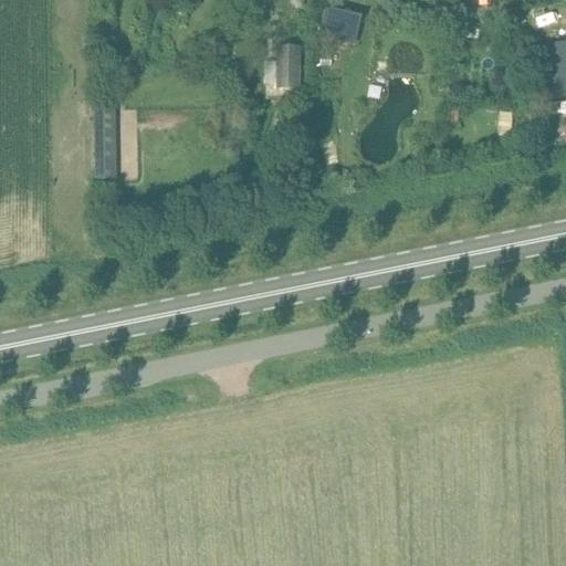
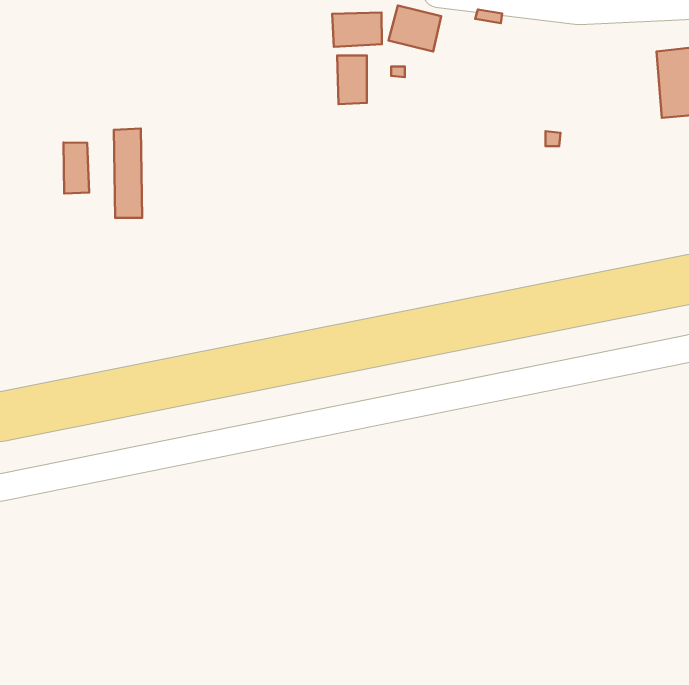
building: none -> [332,12,382,47]
building: none -> [63,143,89,194]

